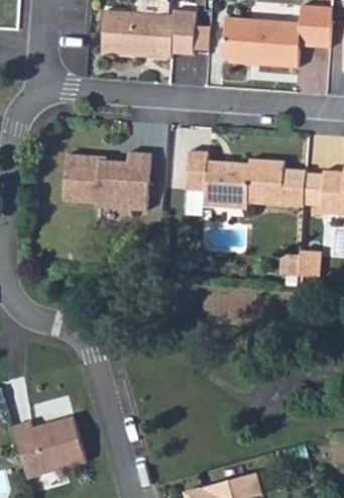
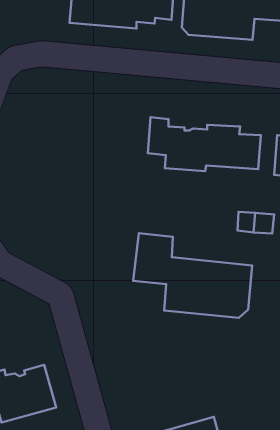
building: [63,152,150,208] -> none
building: none -> [133,233,252,318]

